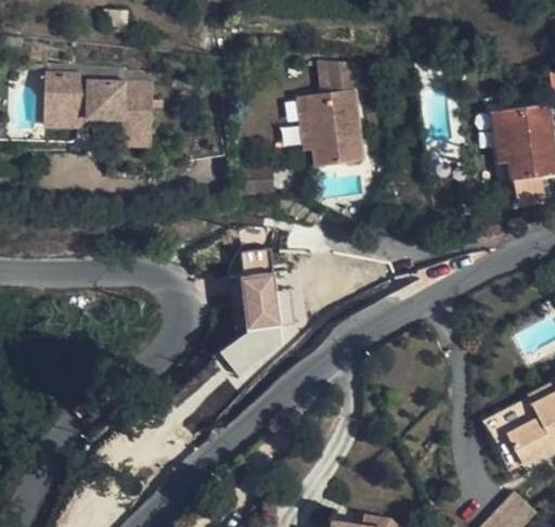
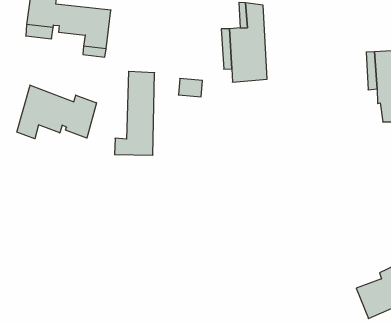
building: none -> [17,85,96,139]
building: [228,250,280,363] -> [115,71,155,155]

